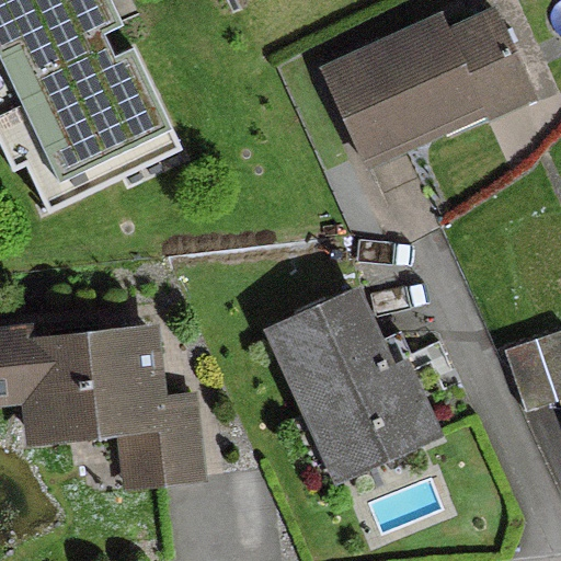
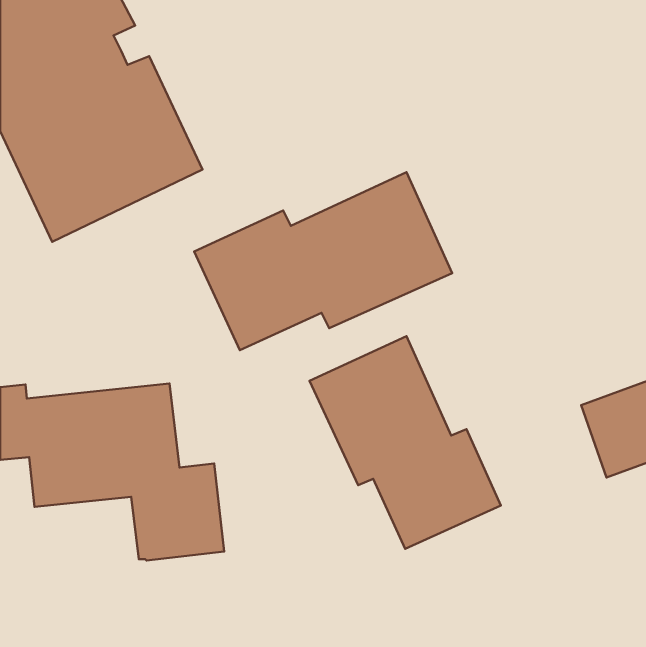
building: [325,13,525,160] -> none
building: none -> [194,172,452,350]

